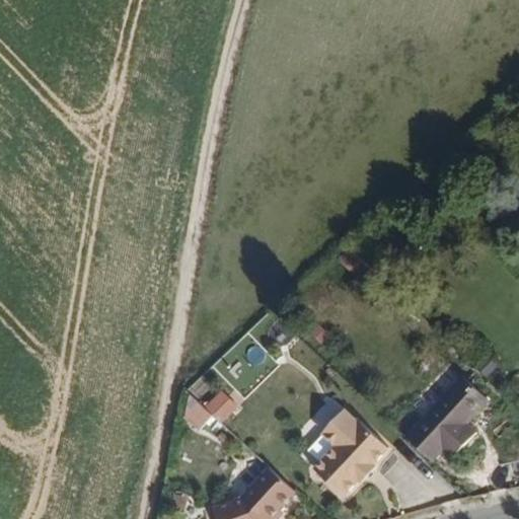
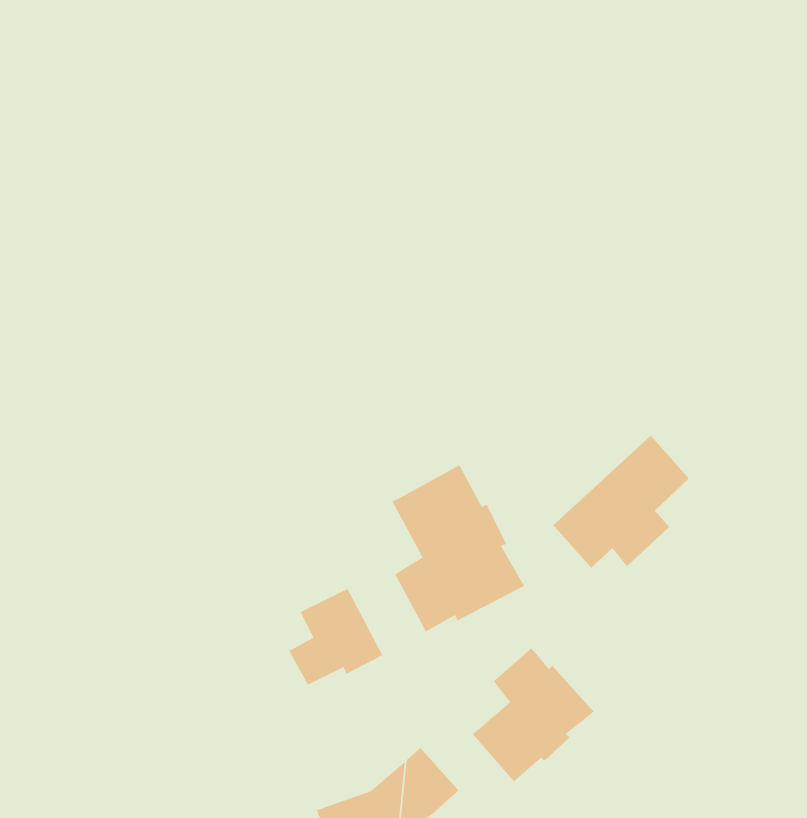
building: none -> [391,464,525,633]
building: [400,374,487,458] -> [553,435,690,569]

